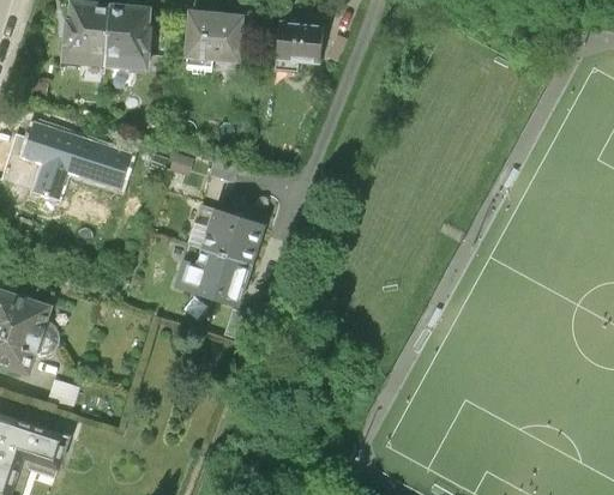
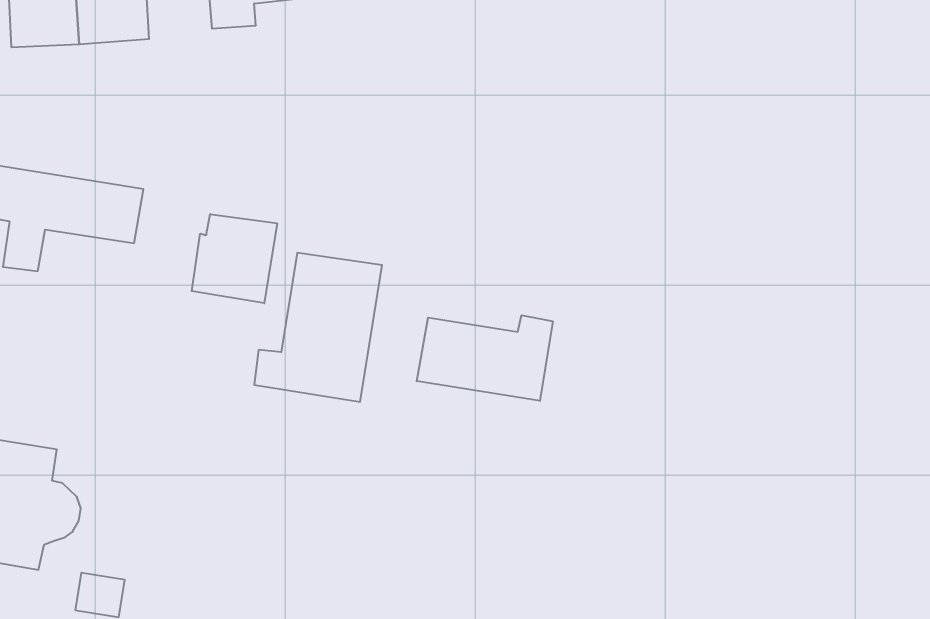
building: none -> [192,214,277,303]
building: none -> [417,315,553,401]

